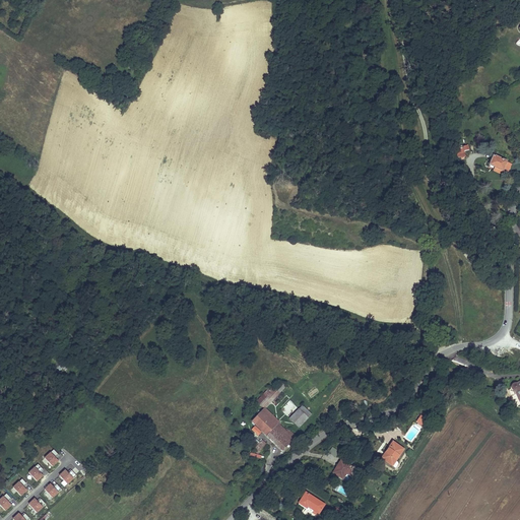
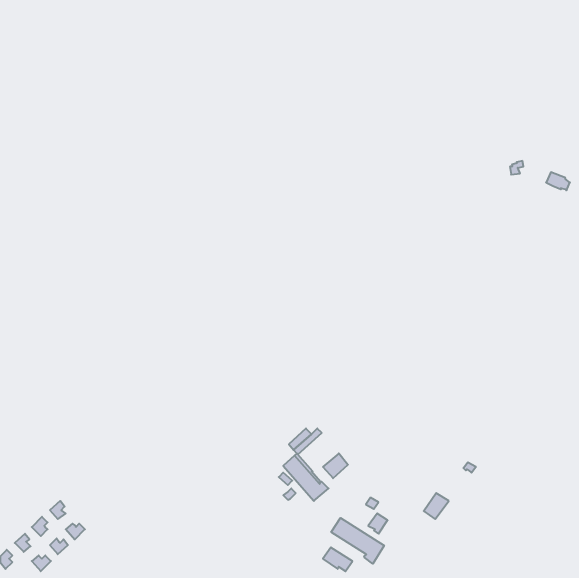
building: none -> [331,518,384,564]

